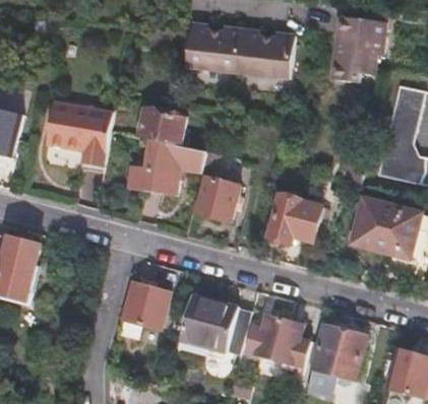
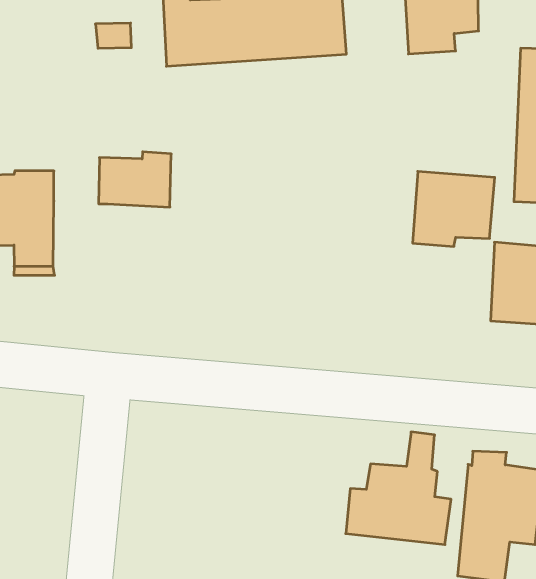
building: [121,137,200,196] -> none
building: [193,174,238,220] -> none
building: [269,196,323,243] -> [413,171,495,246]
building: [124,282,169,328] -> none
building: [185,294,251,348] -> none

